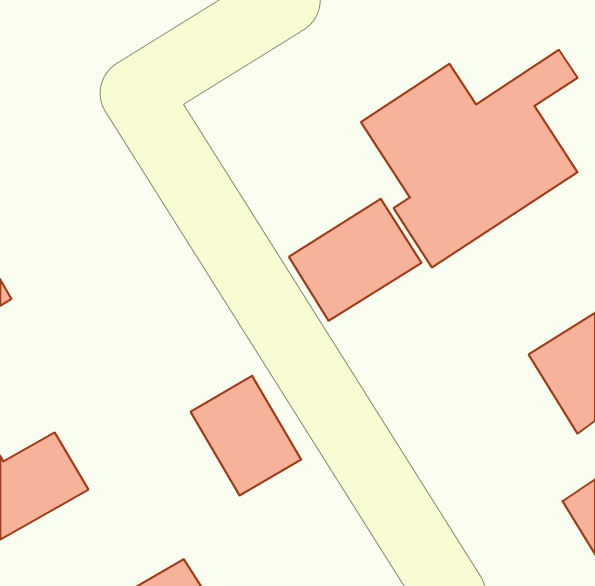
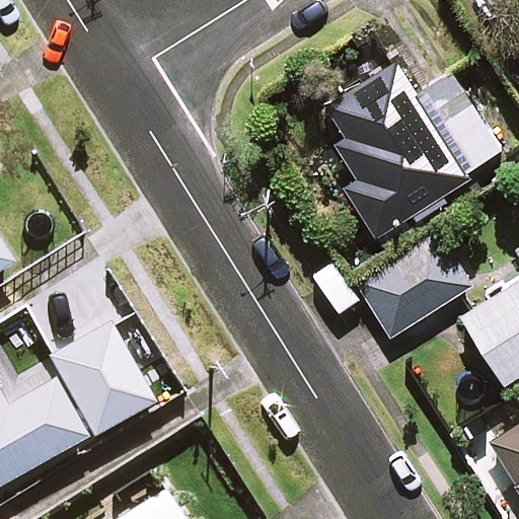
building: [289,199,422,321] -> [355,232,470,339]
building: [191,376,301,495] -> [50,331,146,436]

